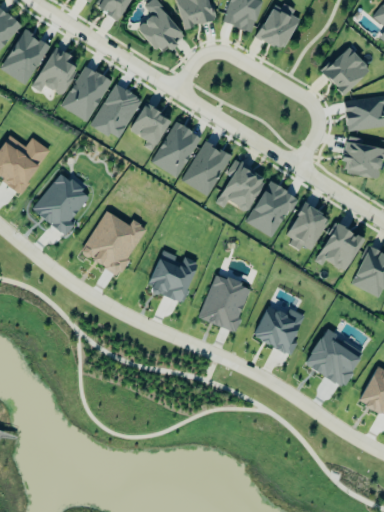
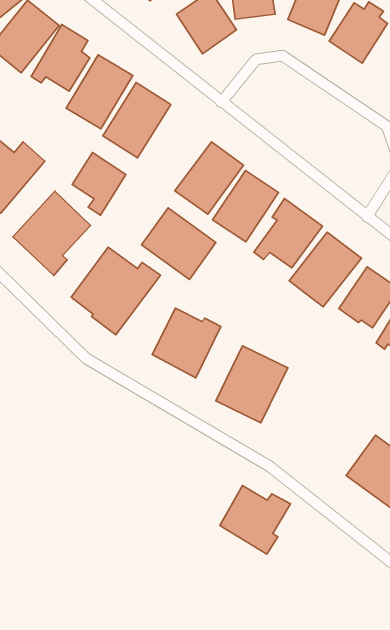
building: [130,104,170,151] -> [72,152,126,215]
building: none -> [142,208,216,280]
building: [253,305,305,355] -> [220,486,291,554]

